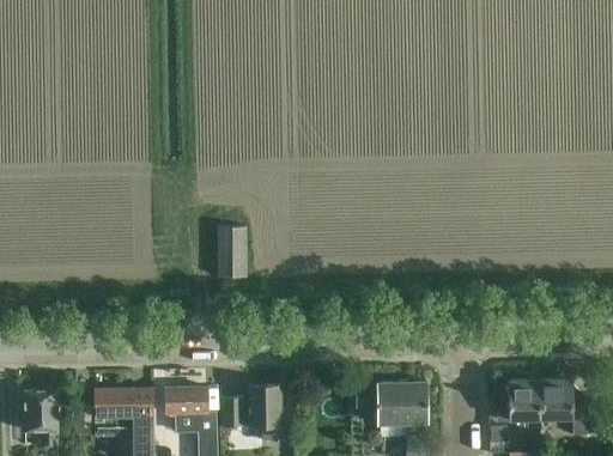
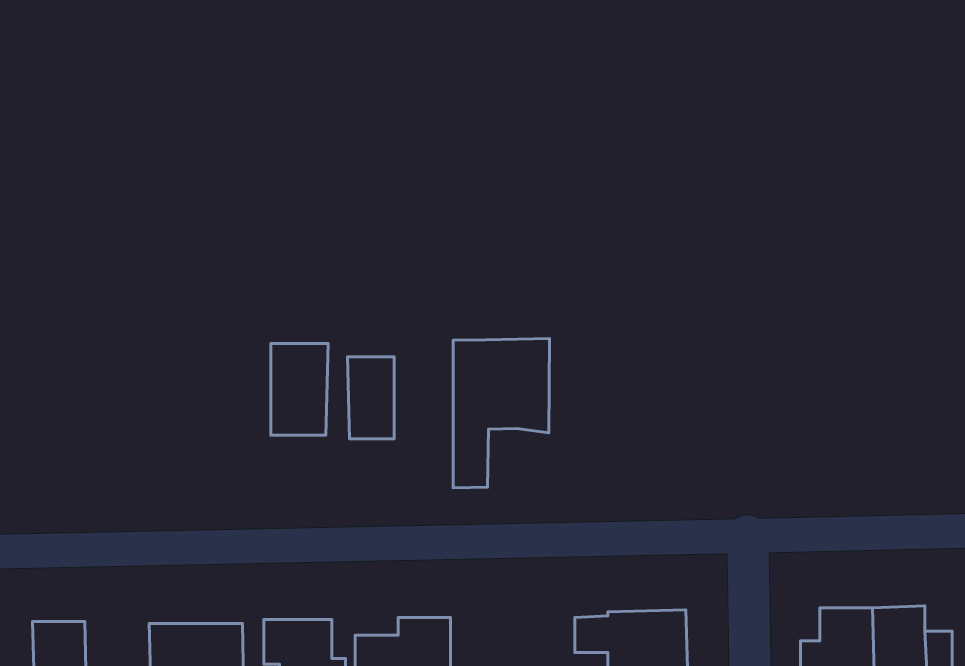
building: none -> [453,338,550,488]
building: none -> [271,344,328,435]

